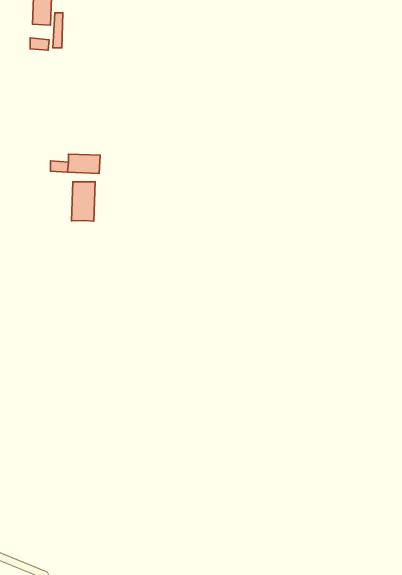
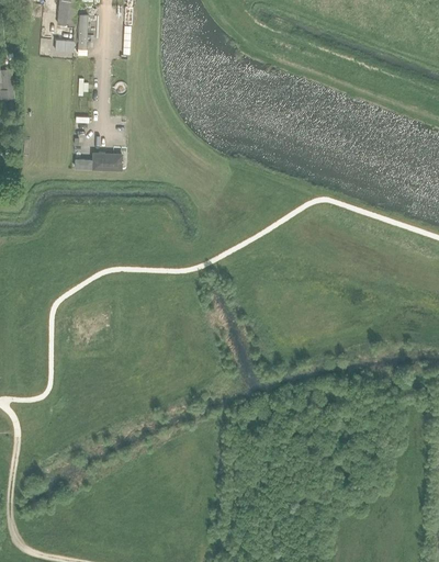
building: [71,182,95,221] -> none

